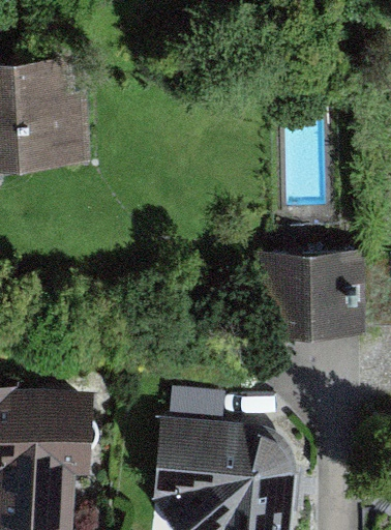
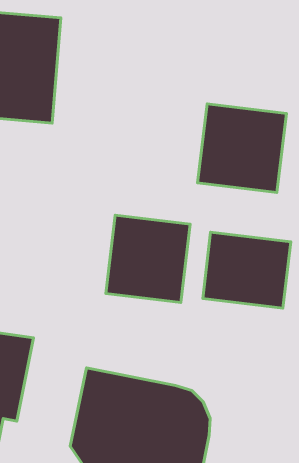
building: none -> [198,104,286,192]
building: none -> [106,215,190,302]

